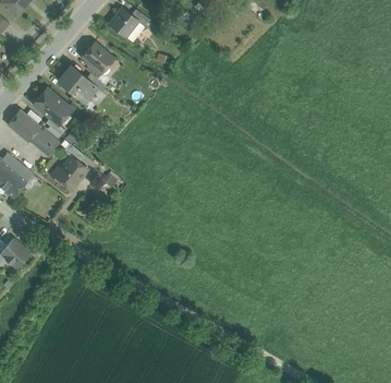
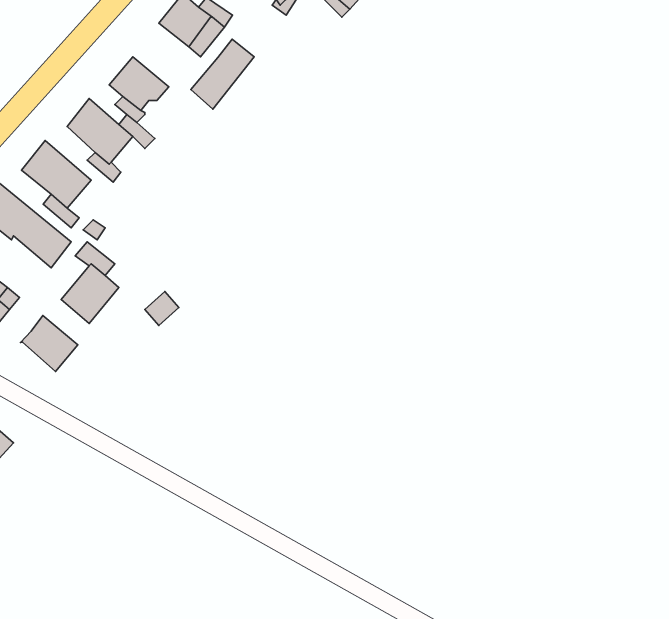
building: none -> [191,39,254,109]
building: none -> [20,316,78,372]

